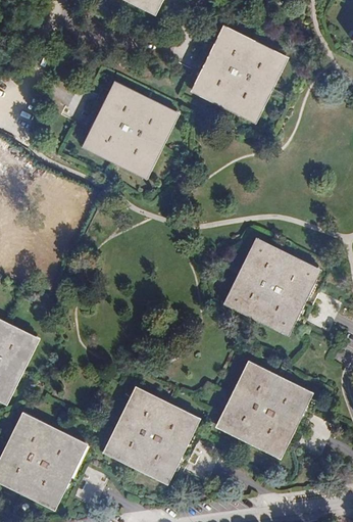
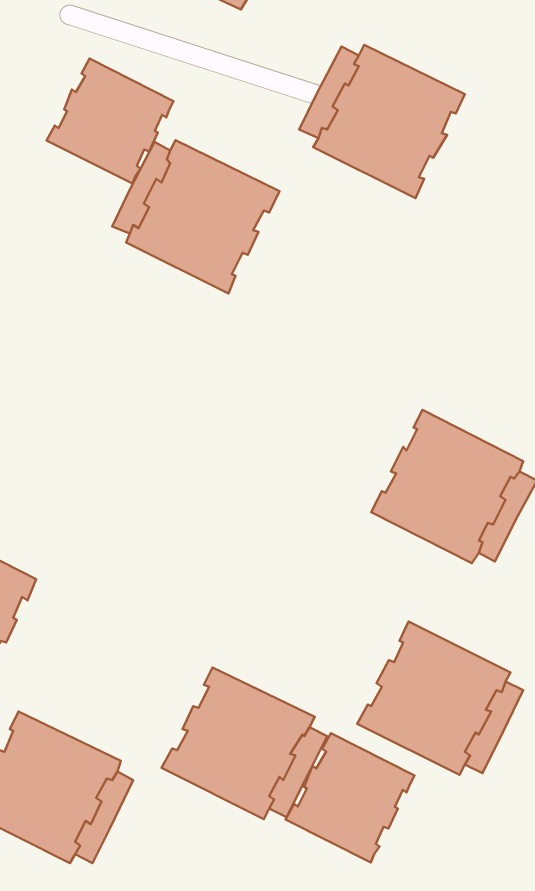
building: none -> [46,59,173,183]
building: none -> [285,733,414,862]

